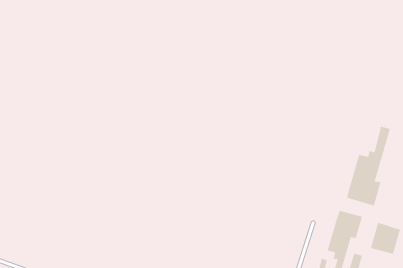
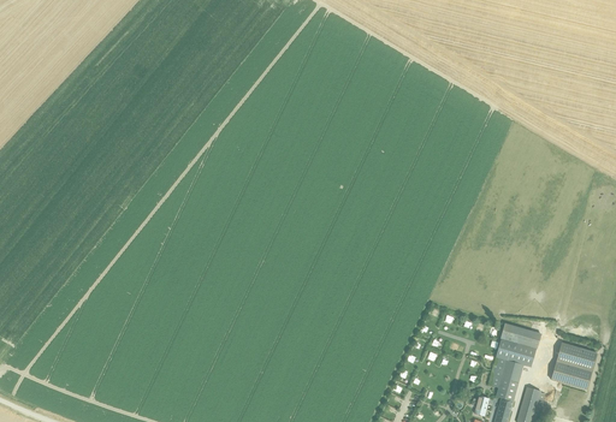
building: [347,126,391,207] -> none

